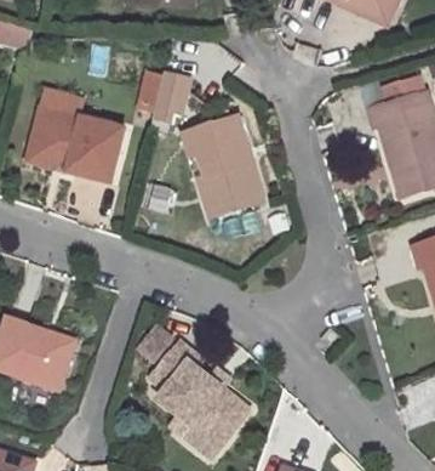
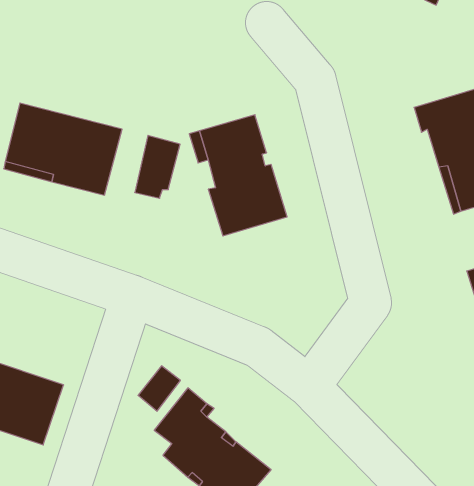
building: [153,70,190,123] -> [135,135,180,198]

